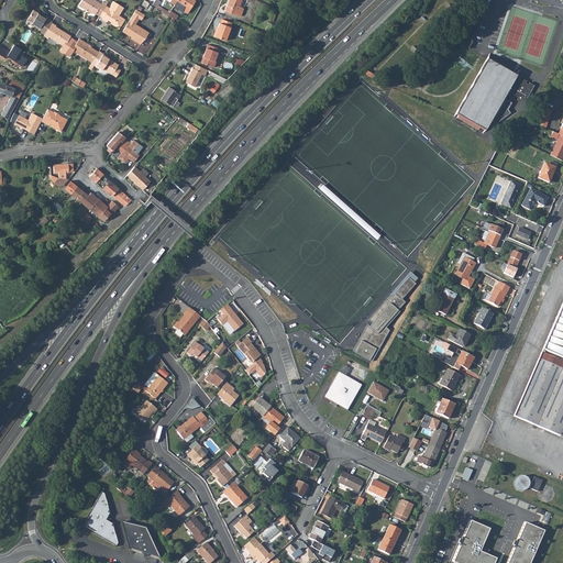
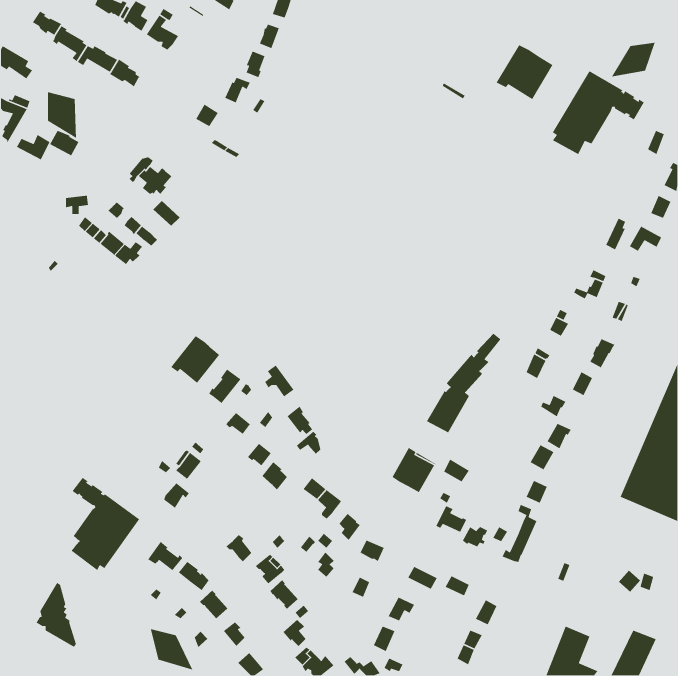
building: none -> [611,42,656,78]
building: none -> [496,44,554,100]
building: none -> [47,91,77,139]
building: none -> [170,335,220,384]
building: none -> [71,477,140,571]
building: [177,411,214,439] -> none
building: [85,492,119,547] -> [36,582,77,648]

